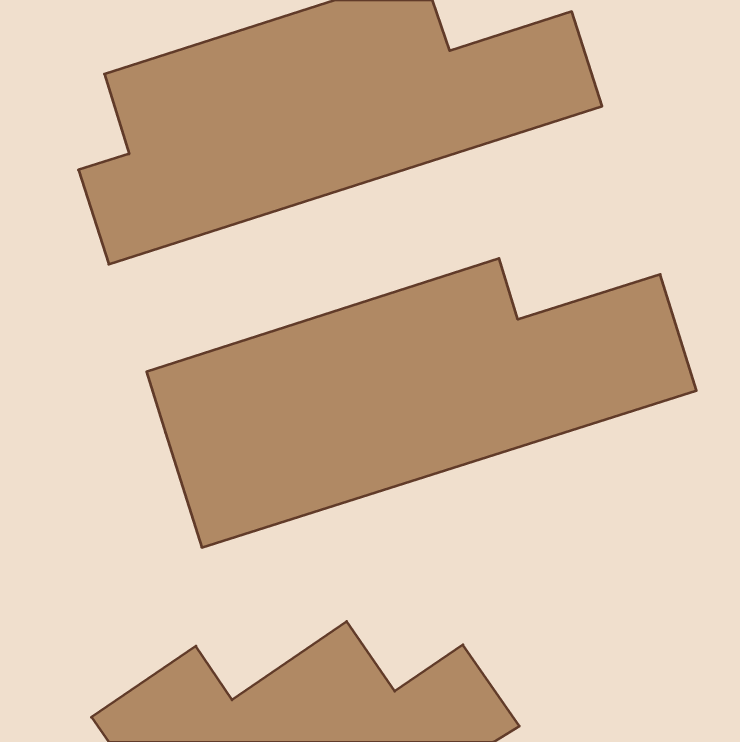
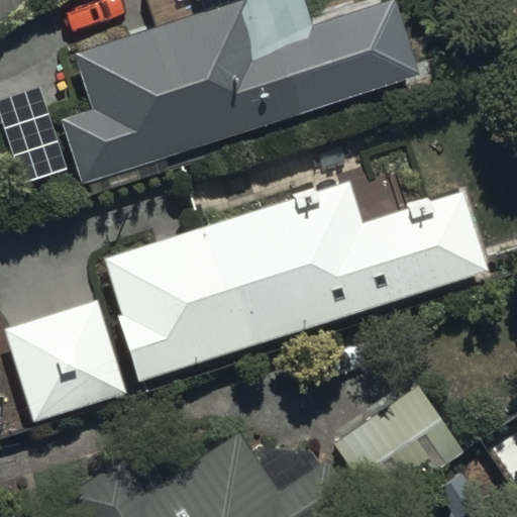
building: none -> [5,303,124,419]
building: none -> [339,386,466,509]

